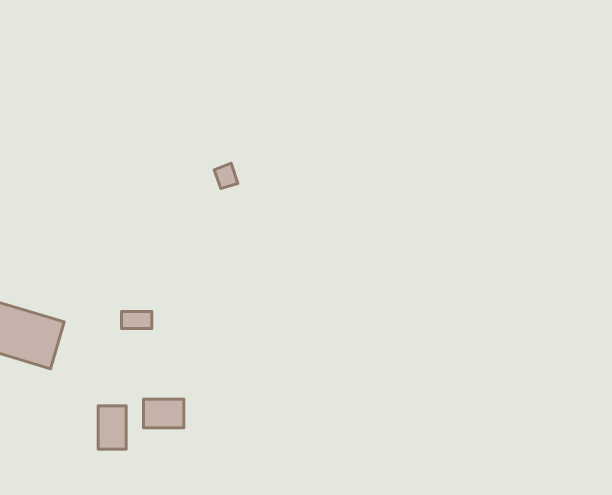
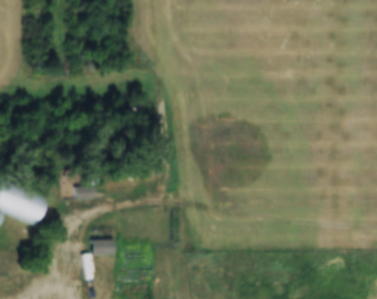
building: [98,406,126,449] -> none

